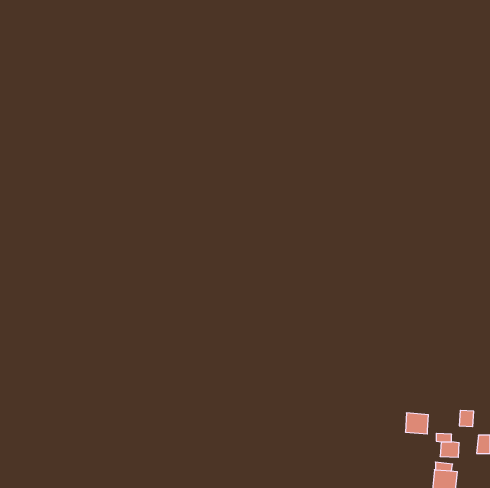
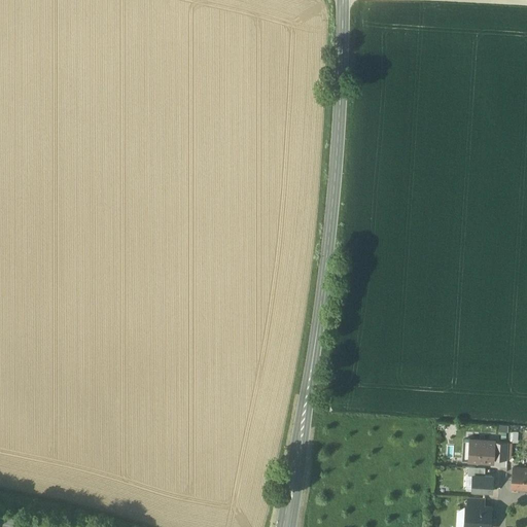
building: [405,413,428,434] -> [469,441,494,463]

